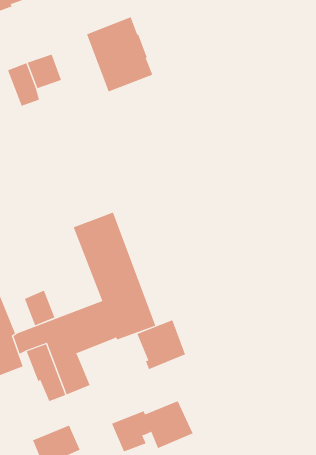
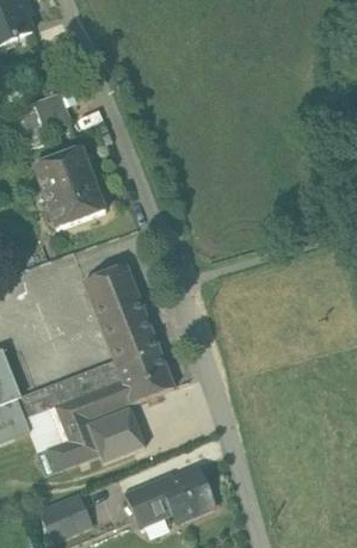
building: [86,17,153,92] -> [31,146,104,228]
building: [24,290,55,326] -> none
building: [136,319,186,370] -> [90,407,143,462]

